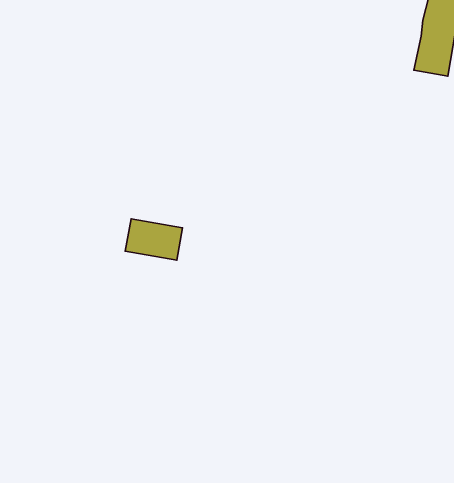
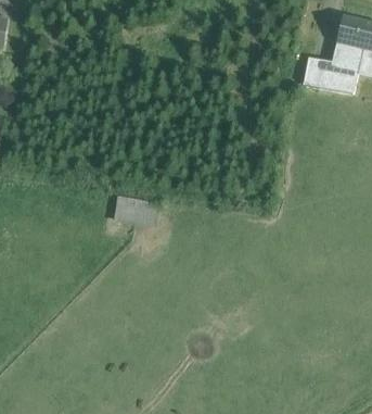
building: none -> [304,58,334,87]

